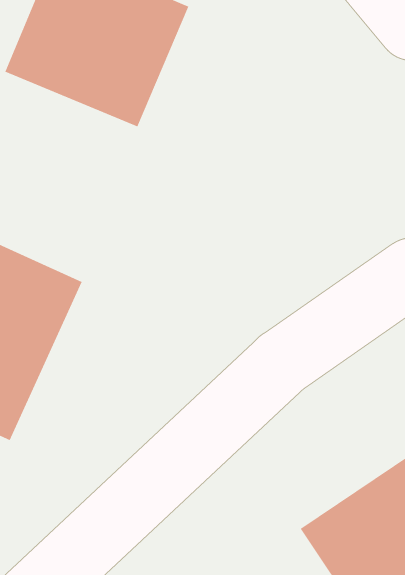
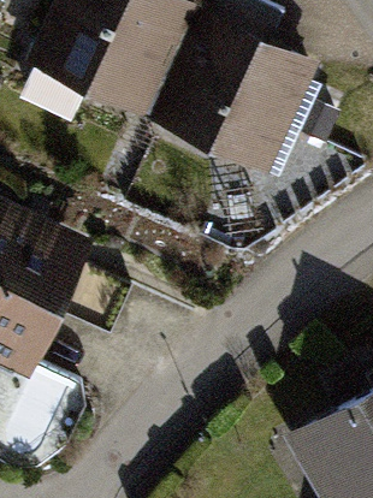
building: none -> [159,25,312,178]

